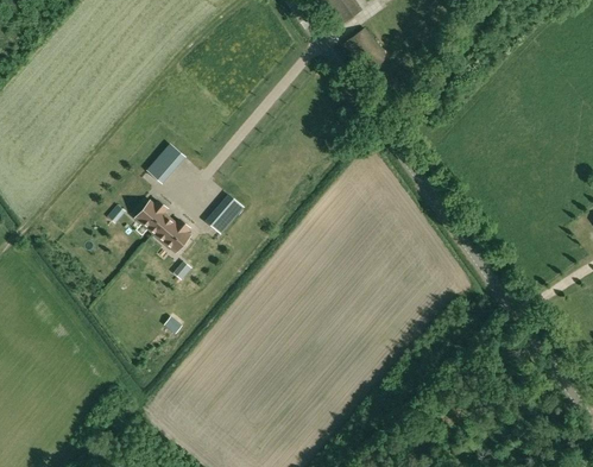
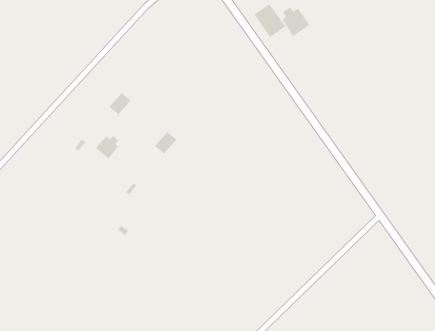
building: none -> [282,6,310,37]
building: [153,216,189,252] -> none

